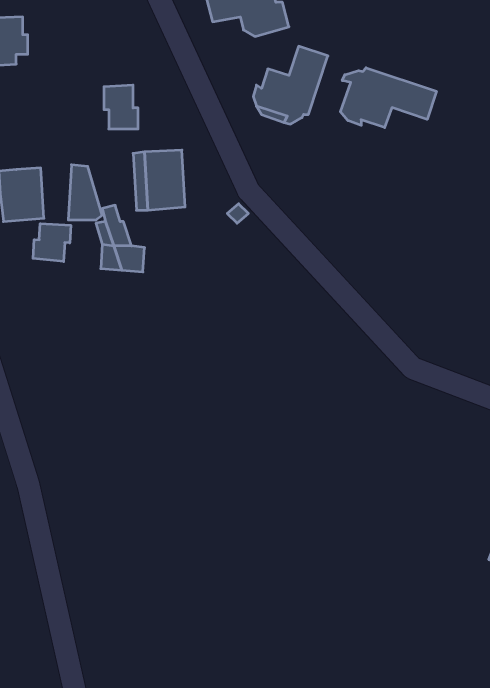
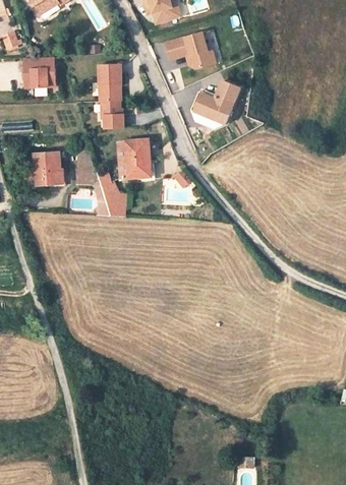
building: none -> [98,65,120,101]
building: [340,68,436,128] -> none
building: [33,224,71,262] -> none

